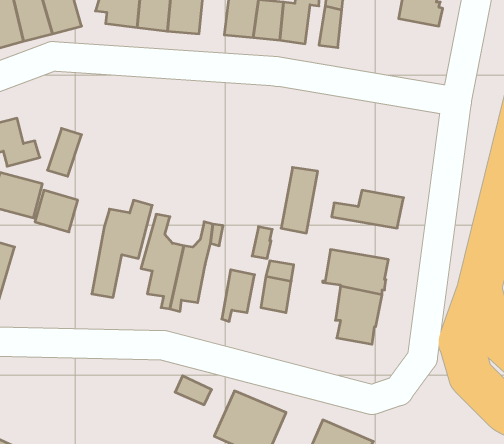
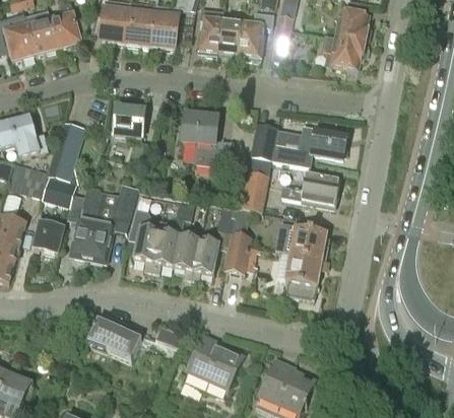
building: none -> [321,34,368,69]
building: none -> [114,106,145,136]
building: none -> [182,114,232,166]
building: none -> [250,124,347,164]
building: none -> [71,187,103,258]
building: none -> [34,221,63,252]
building: none -> [174,234,200,278]
building: none -> [87,317,141,359]

